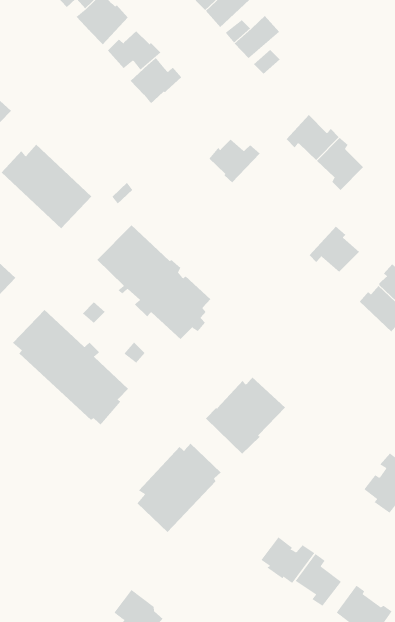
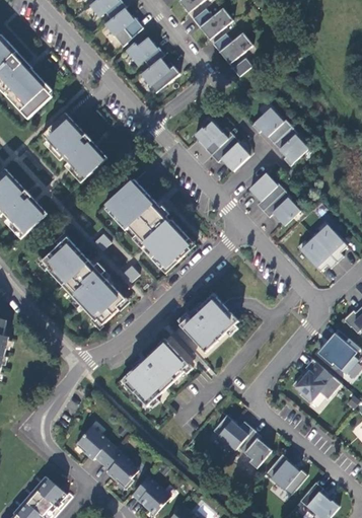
building: none -> [210,134,248,169]
building: none -> [248,173,284,211]
building: none -> [75,428,116,463]

